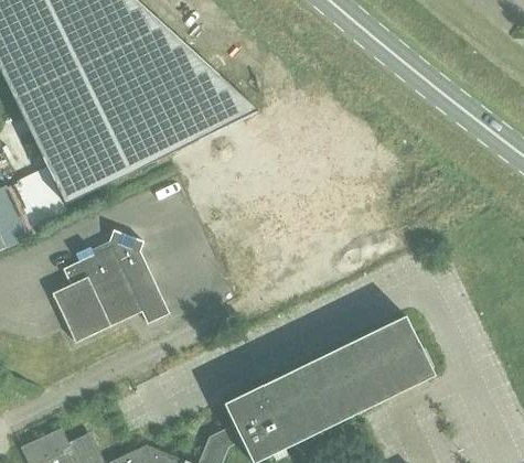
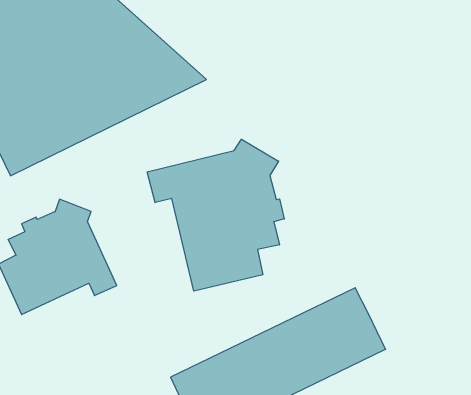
building: none -> [147,139,284,291]

